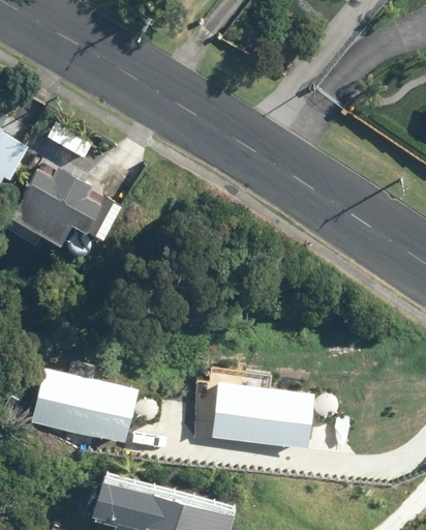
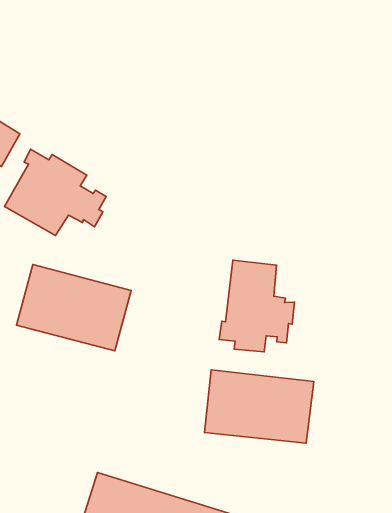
building: none -> [219,260,295,352]
building: [27,361,136,444] -> [17,264,131,351]

